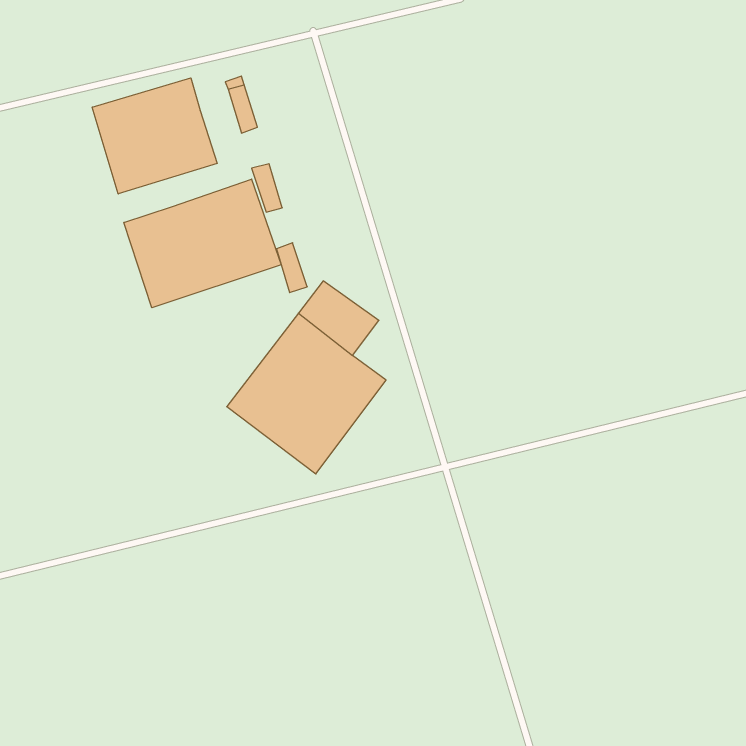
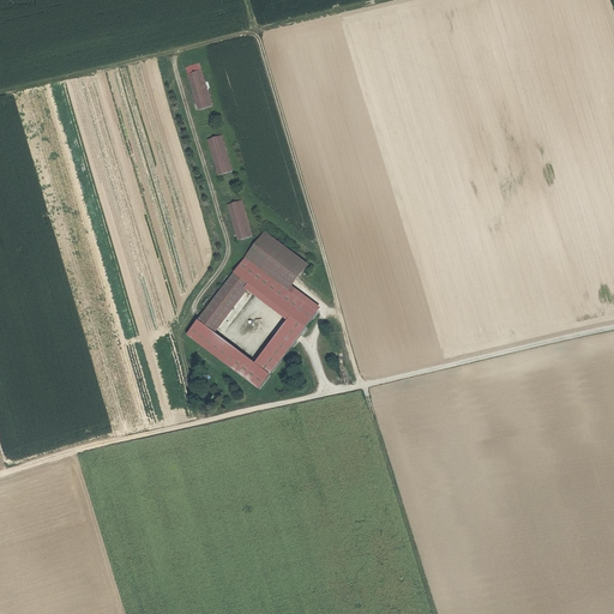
building: [92,78,217,194] -> none
building: [124,179,281,308] -> none

